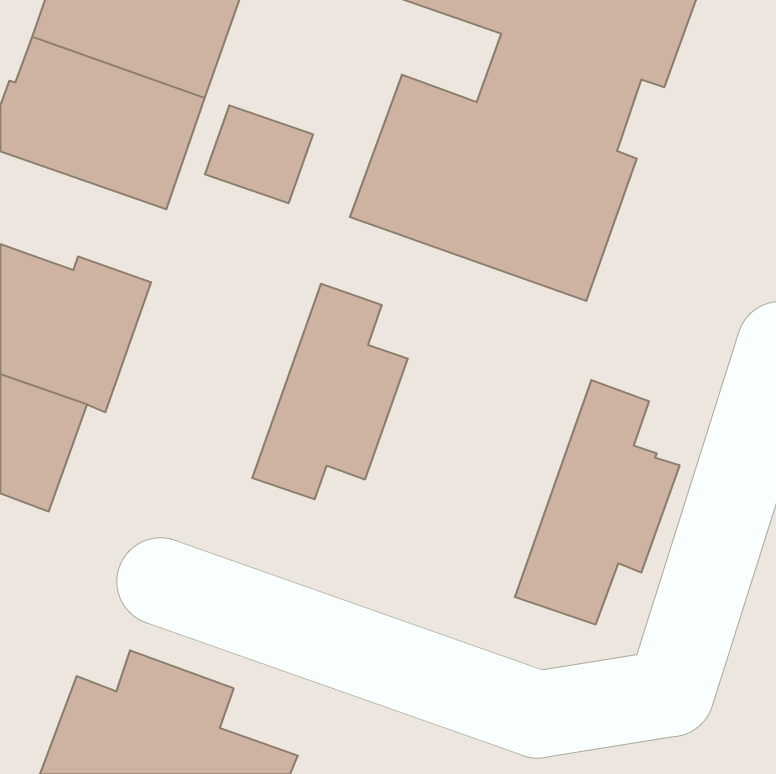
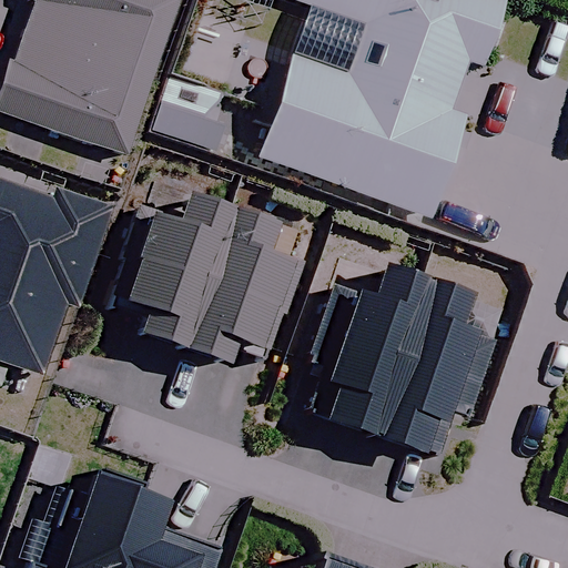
building: none -> [114,180,236,347]
building: none -> [307,262,433,434]

